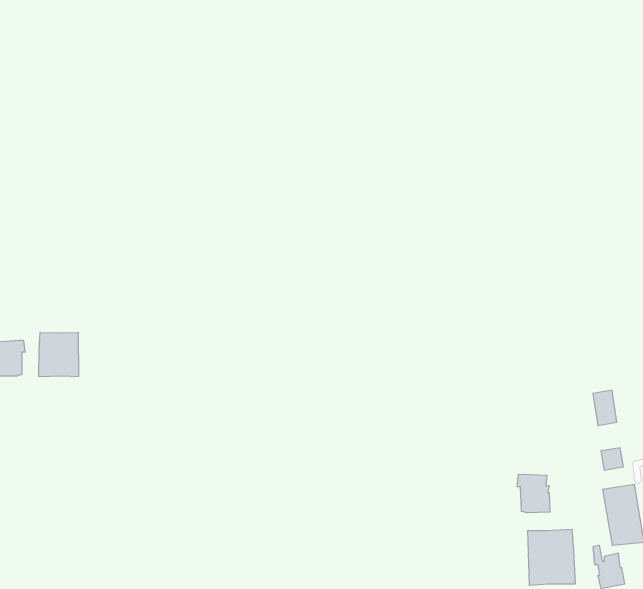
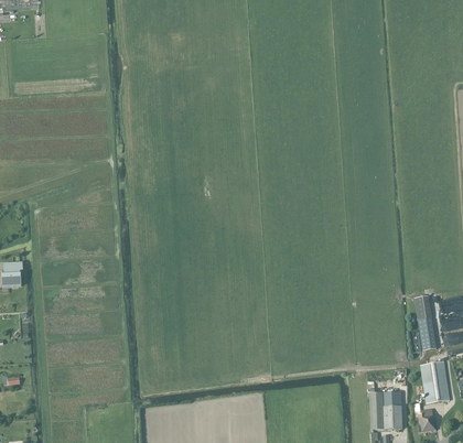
building: [39,332,78,377] -> none
building: [517,474,550,513] -> none

